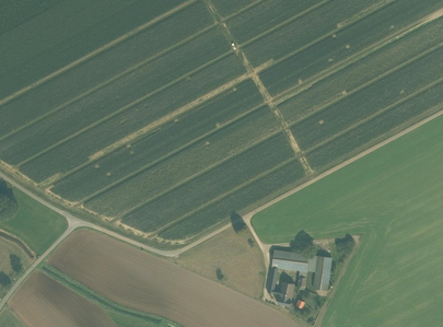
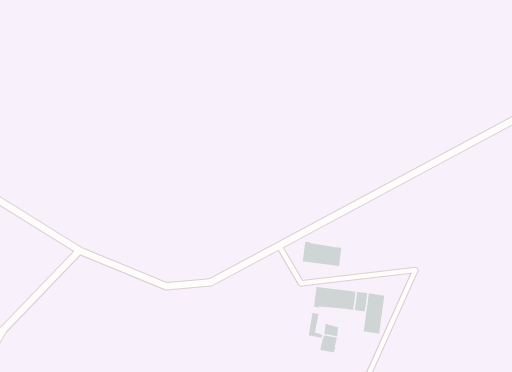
building: none -> [302,241,342,267]

